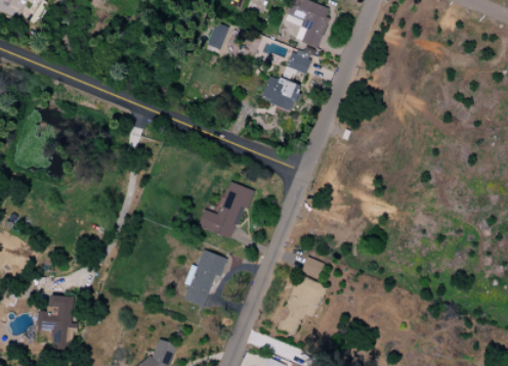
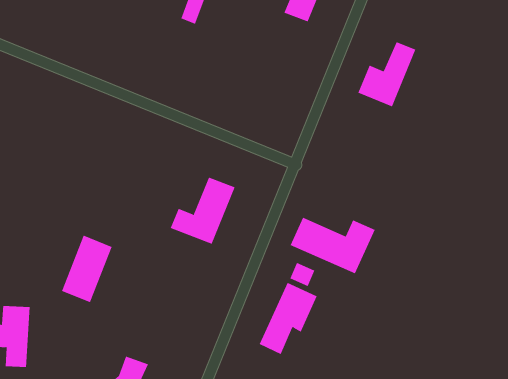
building: [260,53,311,110] -> [357,41,416,107]
building: none -> [290,217,376,274]
building: [184,249,229,309] -> [61,235,113,303]

